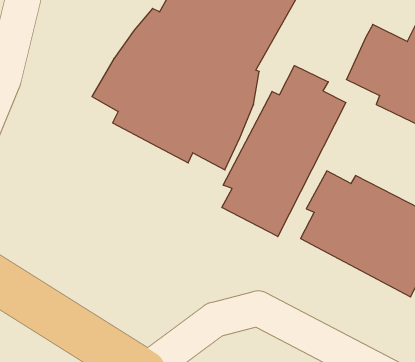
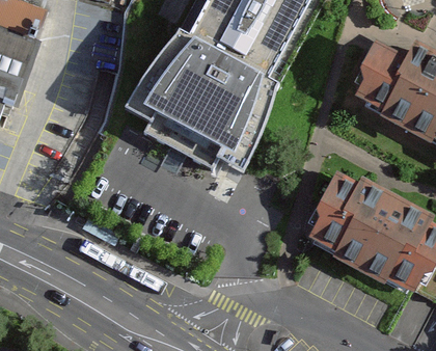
building: [222,66,346,237] -> none

